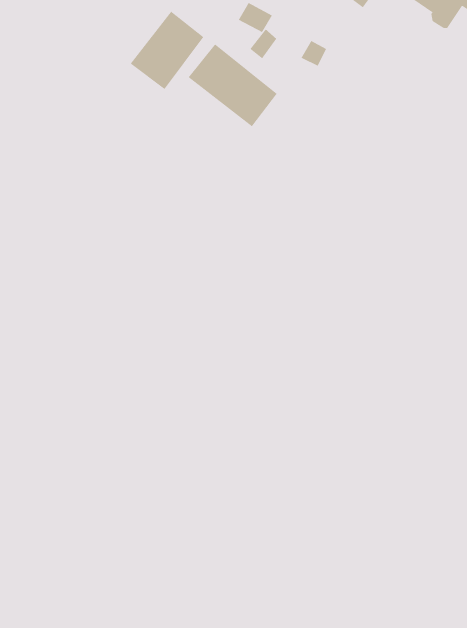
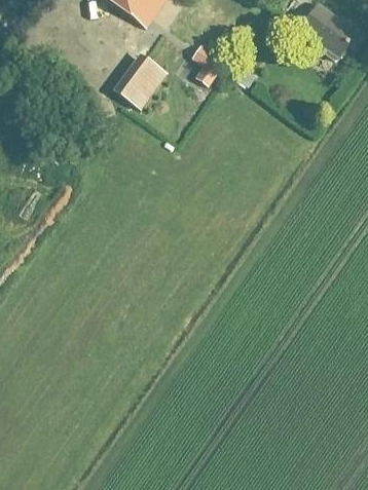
building: [188,44,277,127] -> none

